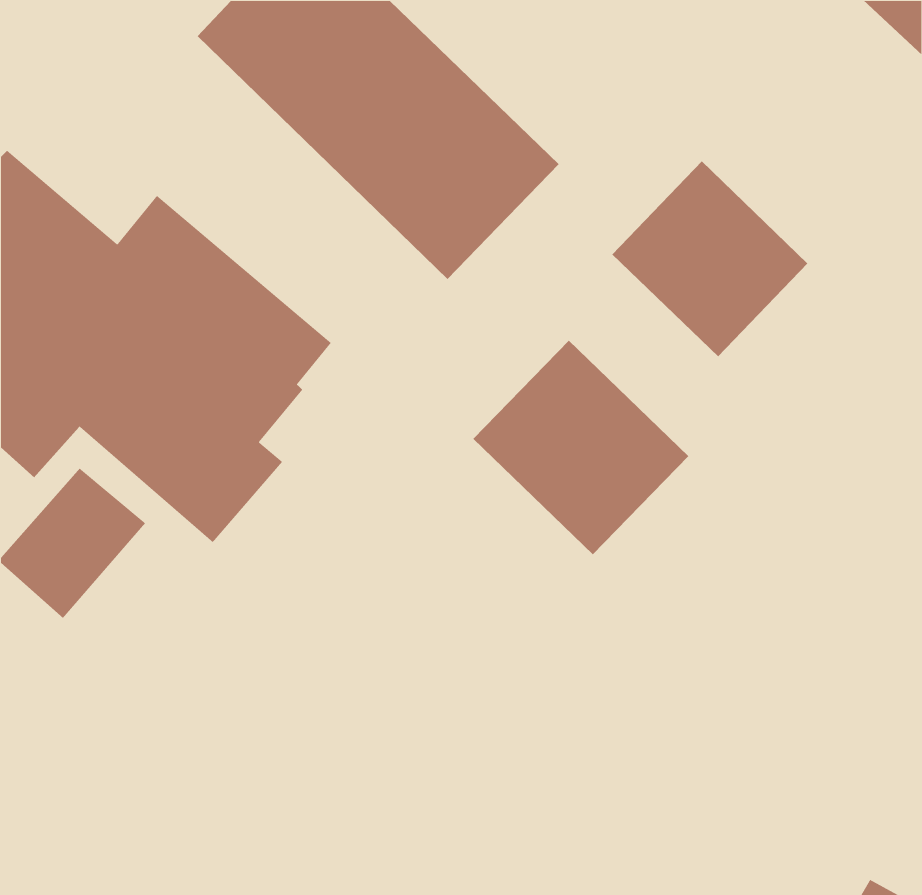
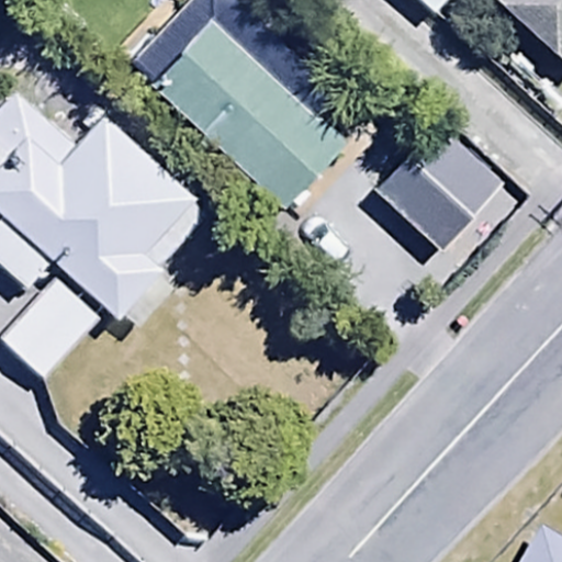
building: [472,340,689,555] -> none

